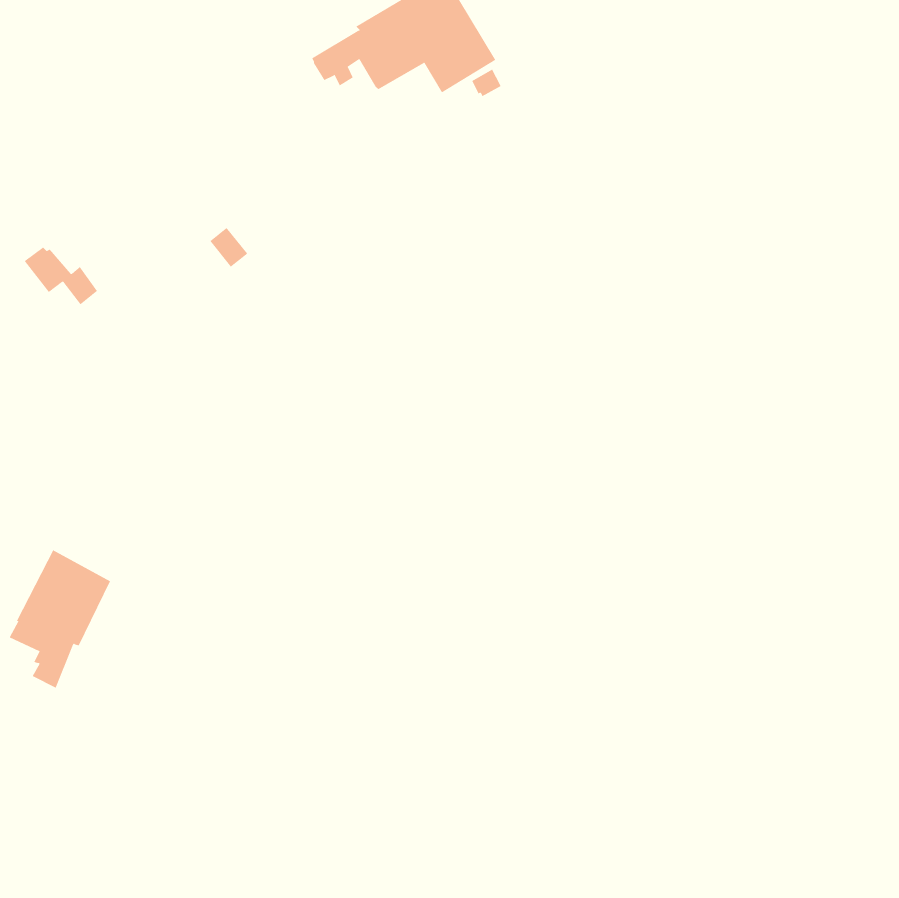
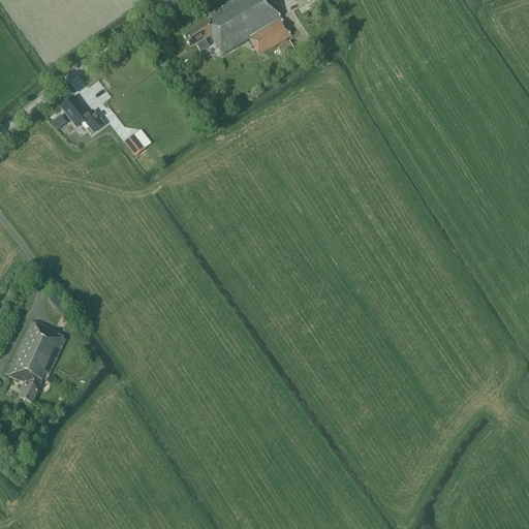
building: [24,247,98,305] -> [60,98,103,132]

